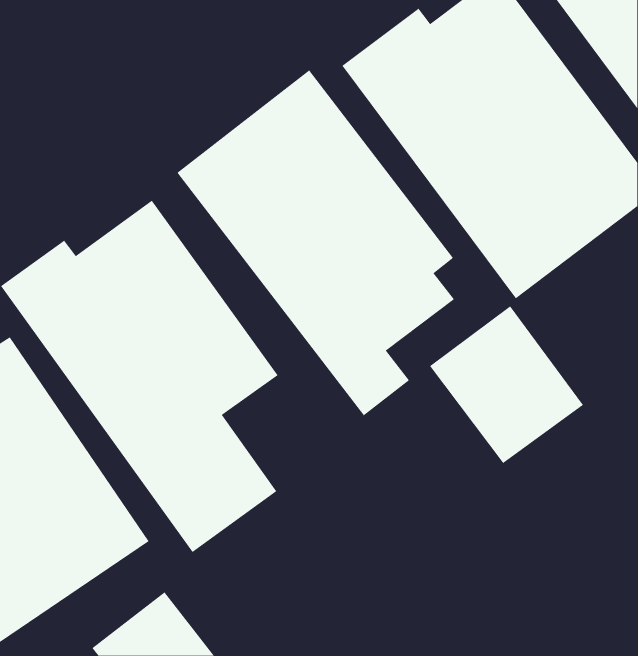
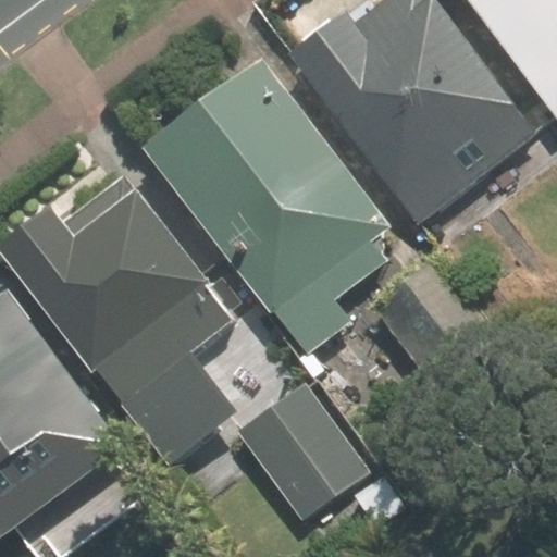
building: none -> [230,379,393,523]

